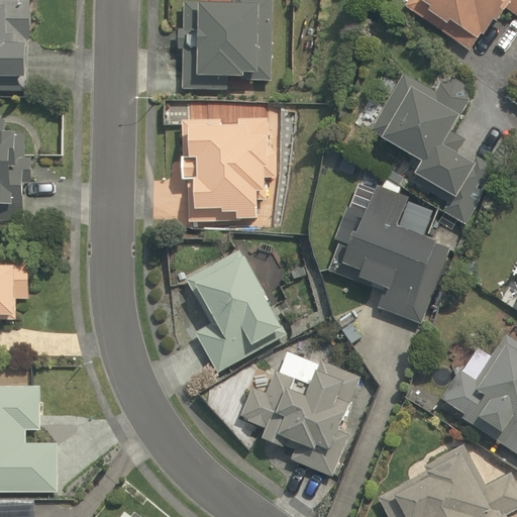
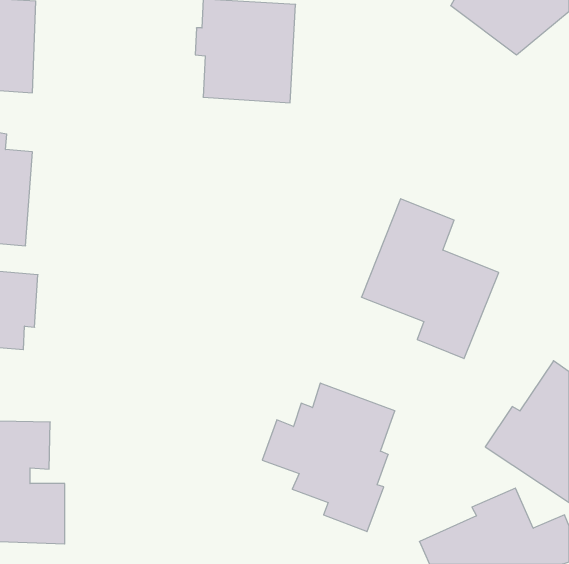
building: [368,71,503,224] -> none
building: [181,105,276,224] -> none
building: [188,244,288,368] -> none

